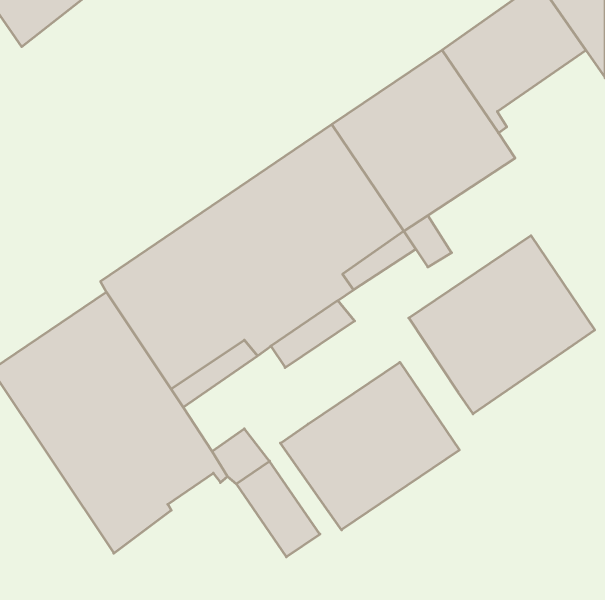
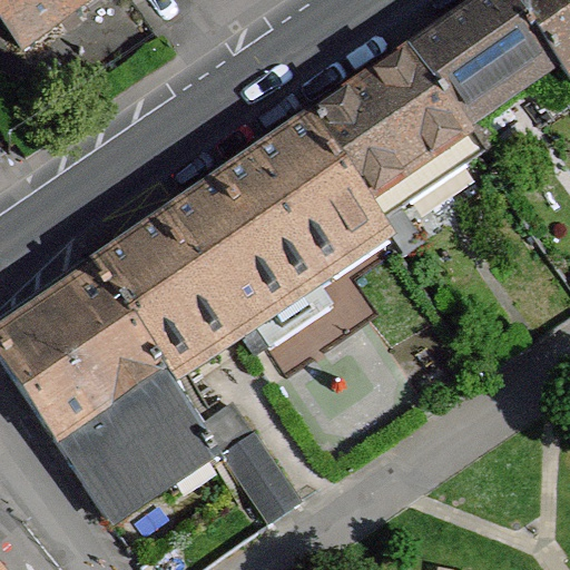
building: [409,236,595,414] -> none
building: [280,362,459,530] -> none

